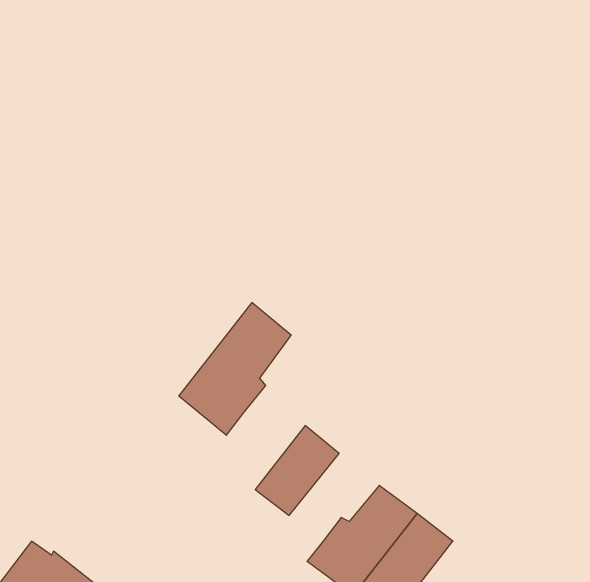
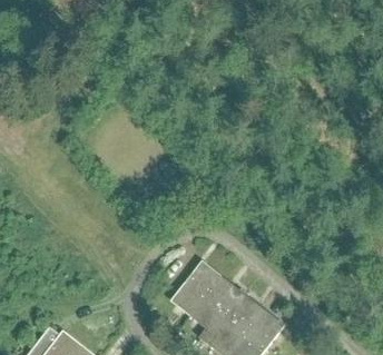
building: [179,303,291,435] -> none
building: none -> [193,278,243,327]

